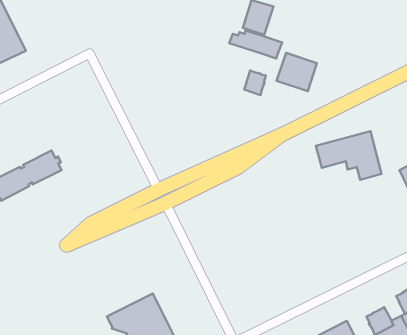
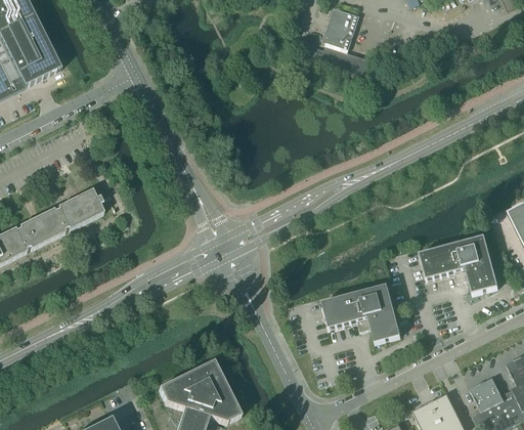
building: [276,53,317,91] -> none
building: [244,71,266,95] -> none
building: [316,131,381,180] -> [419,234,497,293]
building: none -> [321,284,400,341]

